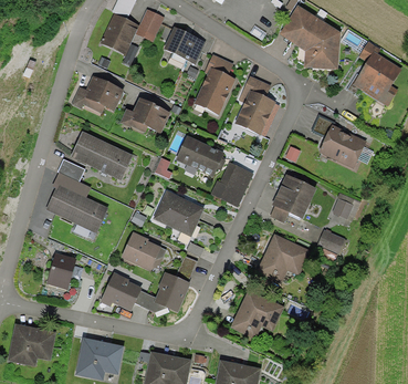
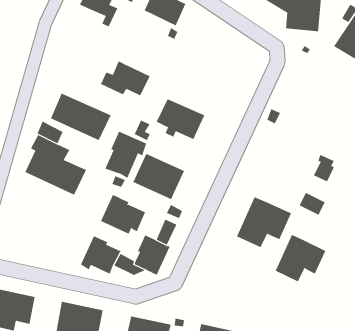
building: [193,55,236,115] -> none
building: [234,75,275,135] -> none
building: [72,76,123,113] -> none
building: [311,114,366,169] -> none
building: [211,163,252,206] -> none
building: none -> [104,131,147,179]
building: [270,174,315,222] -> none
building: [46,253,75,289] -> none
building: [231,290,282,338] -> [275,234,326,282]

